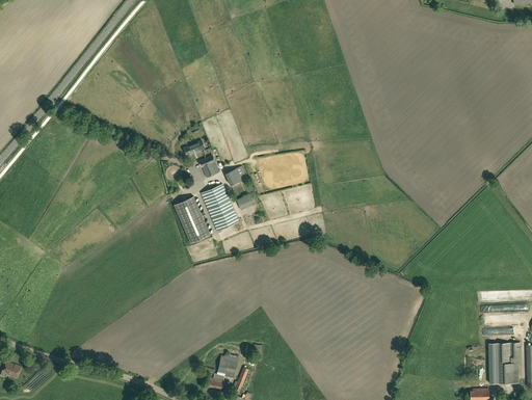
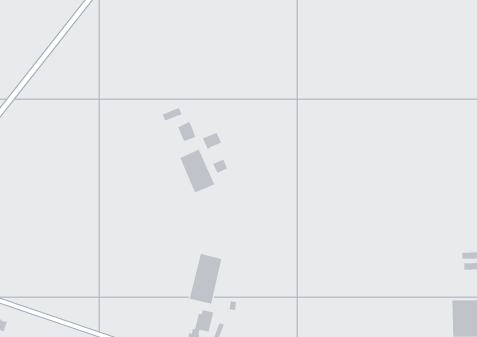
building: [174,197,210,243] -> none
building: none -> [189,253,222,305]

